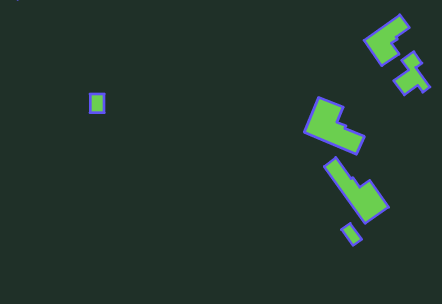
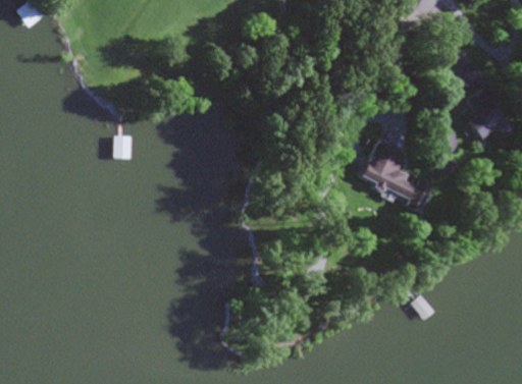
building: [364,15,409,66] -> none
building: [324,157,389,223] -> none

